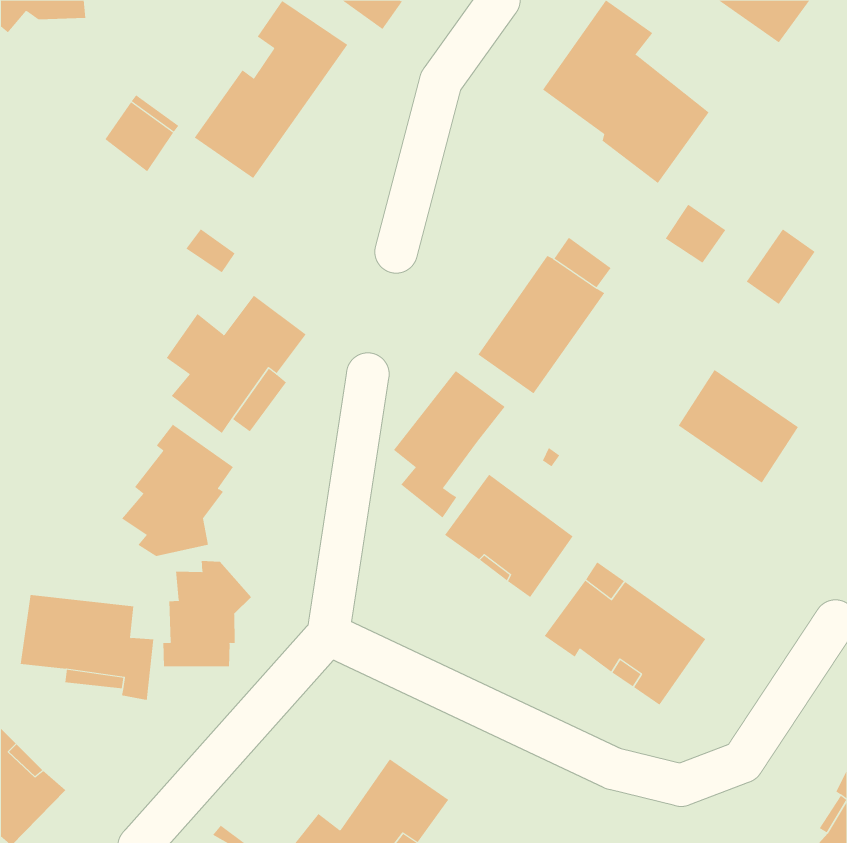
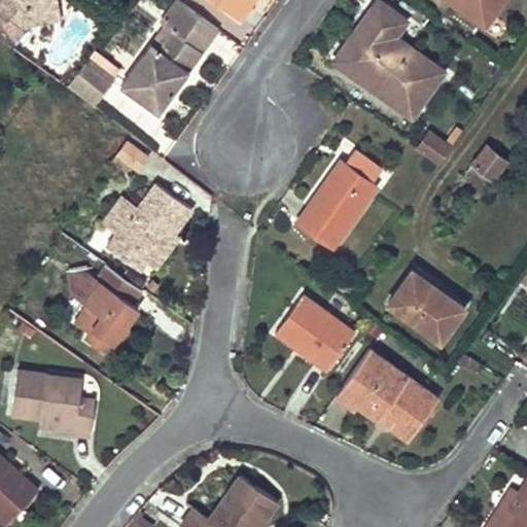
building: [678,369,799,484] -> [388,270,463,341]
building: [393,370,506,519] -> none
building: [163,560,252,667] -> none

